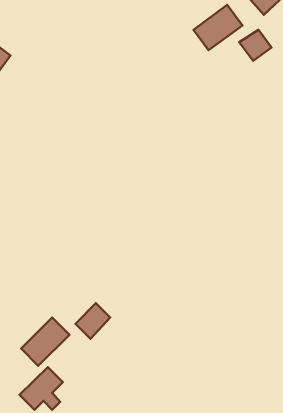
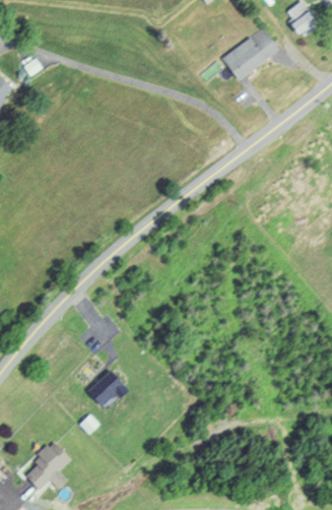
building: [239,30,271,61] -> none
building: [21,317,69,366] -> none

